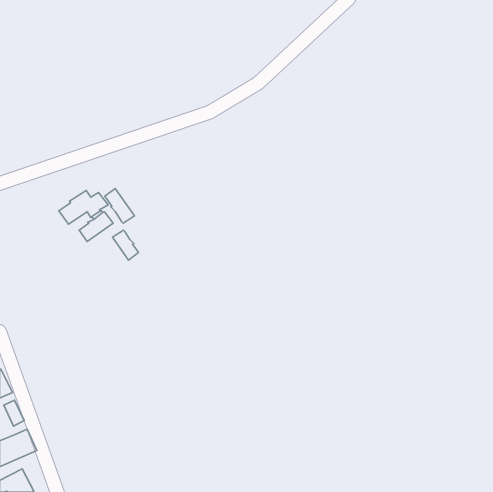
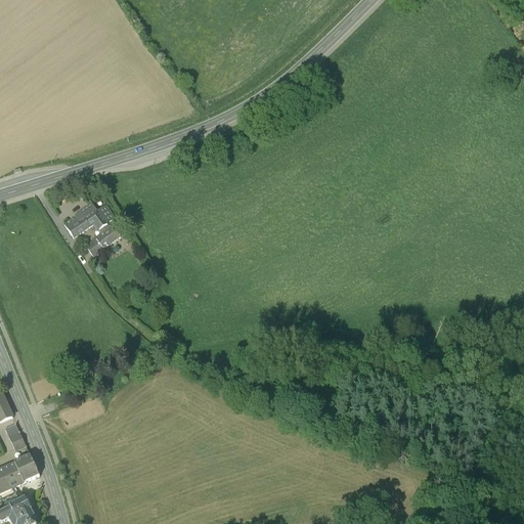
building: [105,188,135,223] -> none
building: [112,230,139,260] -> none

